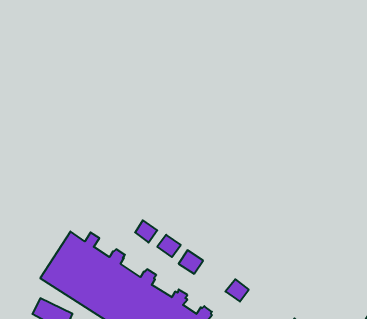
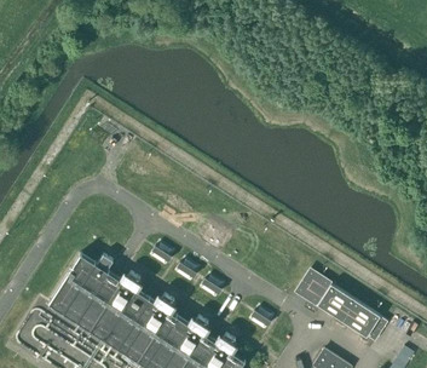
building: none -> [294,268,388,341]

